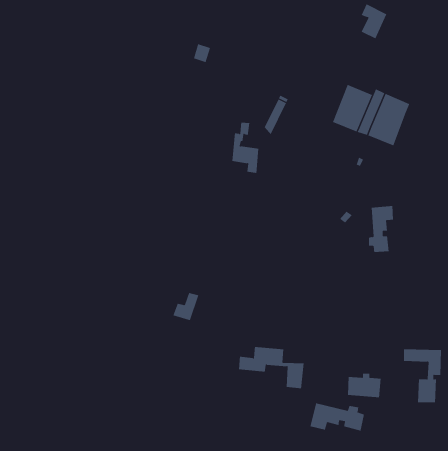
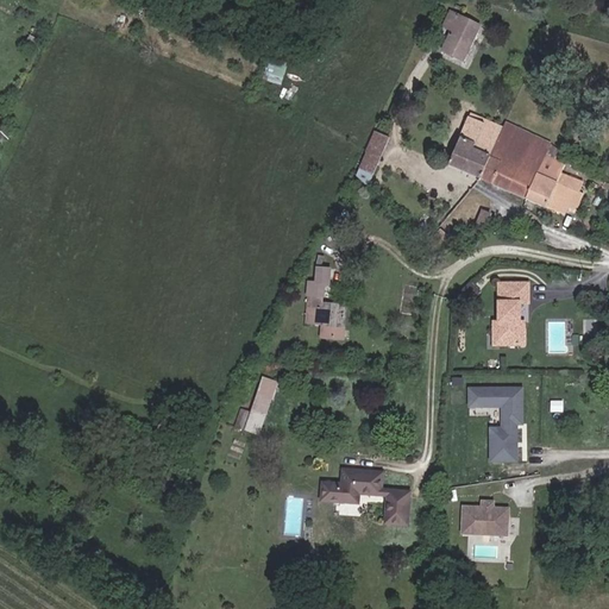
building: [361,4,387,39] -> [440,13,476,61]
building: none -> [529,153,586,213]
building: [232,122,259,173] -> [308,270,345,339]
building: [403,349,442,403] -> [472,385,525,458]
building: [310,403,365,432] -> none

